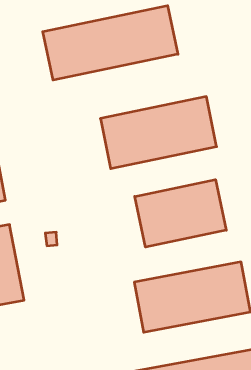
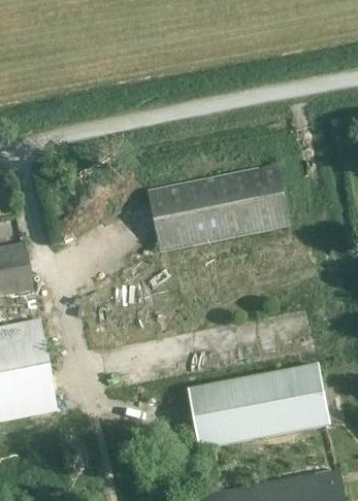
building: [43,6,178,80] -> none
building: [135,180,226,247] -> none

